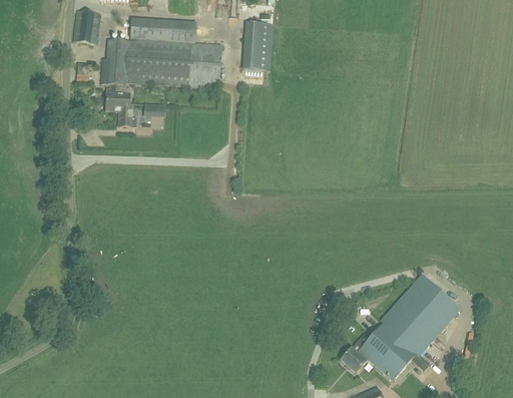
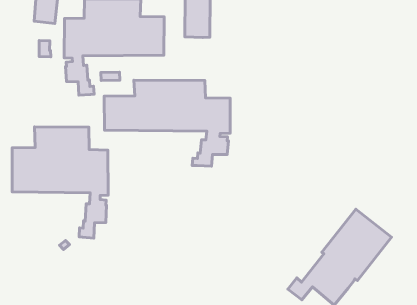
building: none -> [104,80,230,166]
building: none -> [12,127,108,238]

